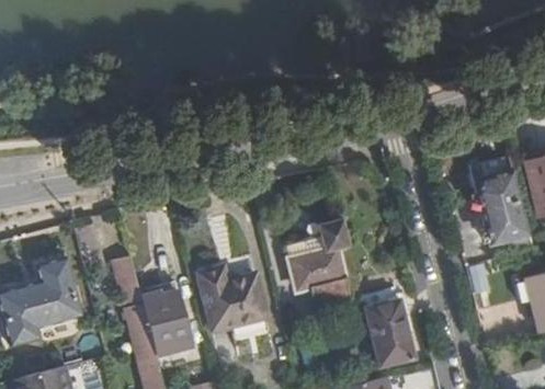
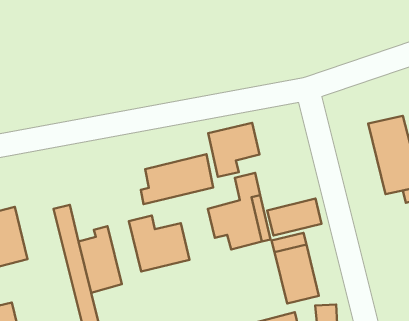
building: none -> [208,123,260,177]
building: none -> [141,154,213,204]
building: none -> [267,199,322,236]

